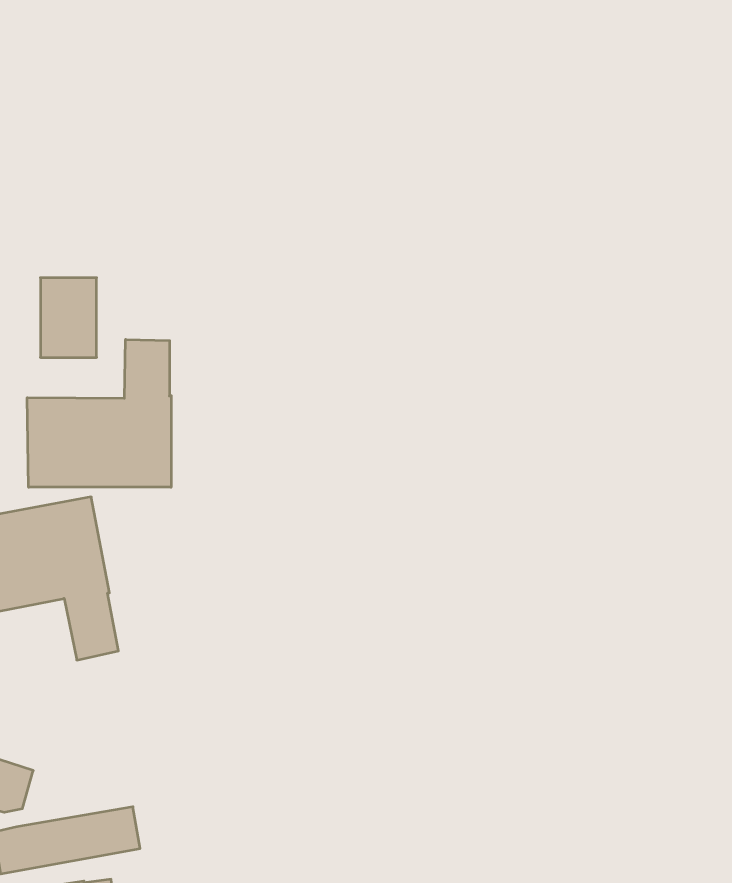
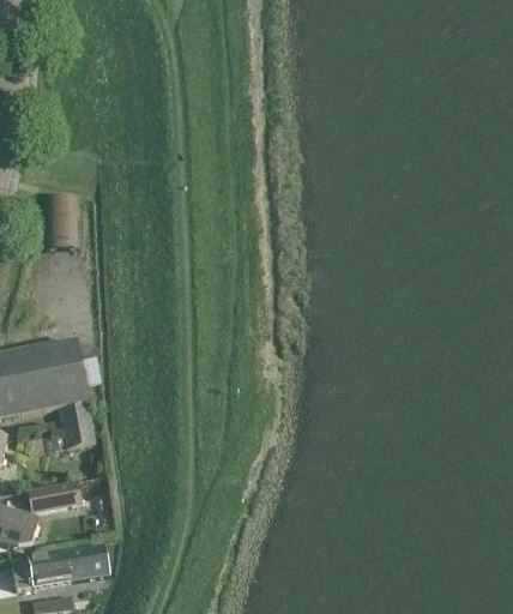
building: [27,339,171,487] -> none
building: none -> [22,480,73,508]

